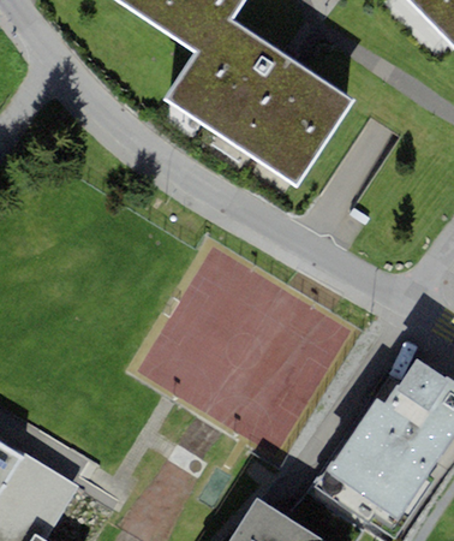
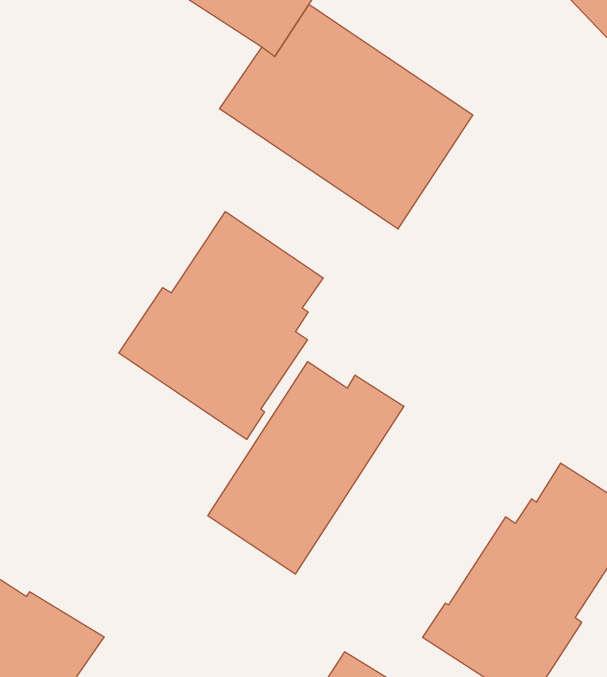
building: none -> [119,212,323,439]
building: none -> [208,362,404,574]

